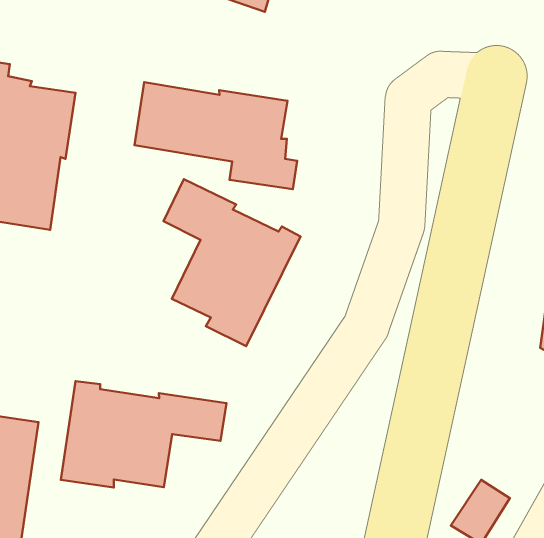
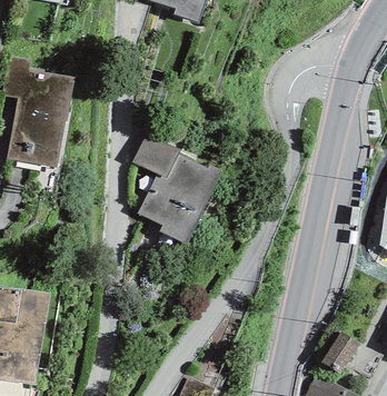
building: [134,82,297,189] -> none
building: [61,381,226,487] -> none

